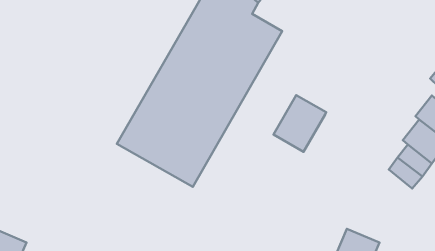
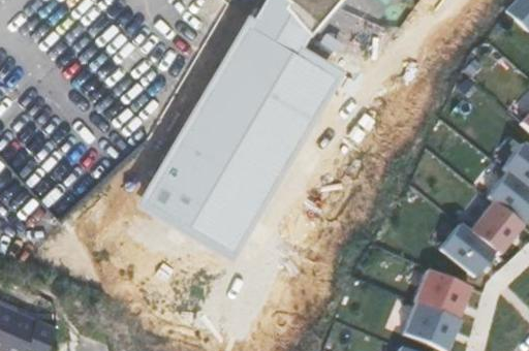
building: [273,95,326,152] -> none
building: none -> [440,223,494,276]
building: none -> [416,269,470,318]

